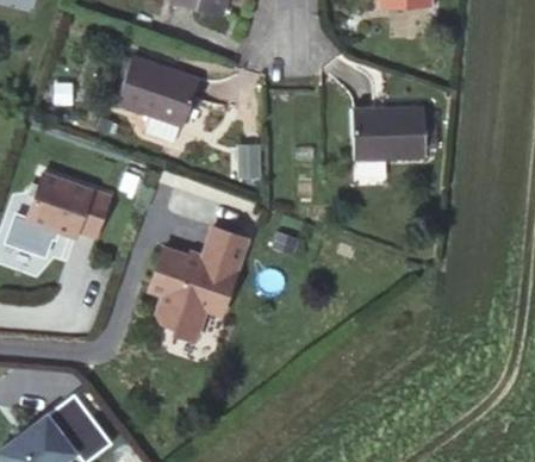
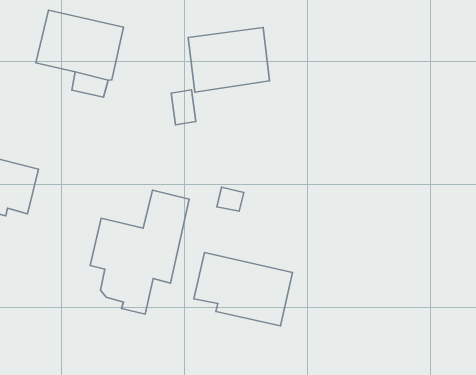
building: [354,106,425,160] -> [188,28,270,92]
building: none -> [194,253,292,326]

